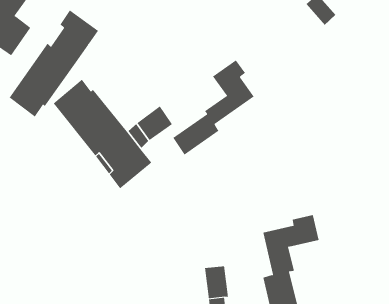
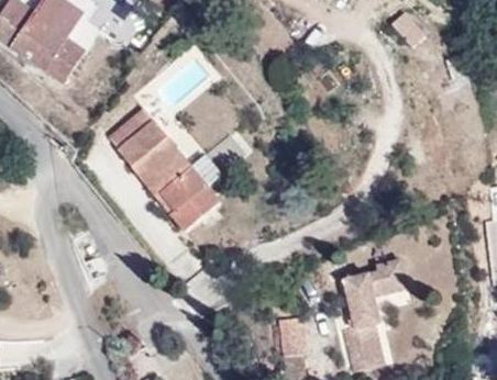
building: [9,9,99,117] -> none
building: [172,59,255,156] -> none

